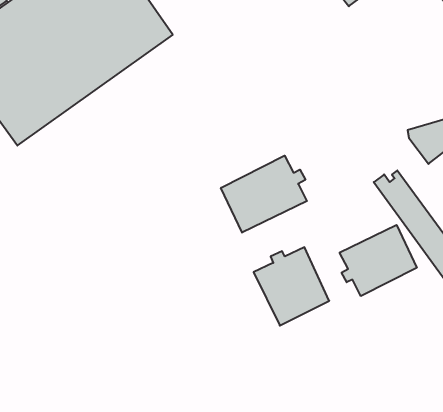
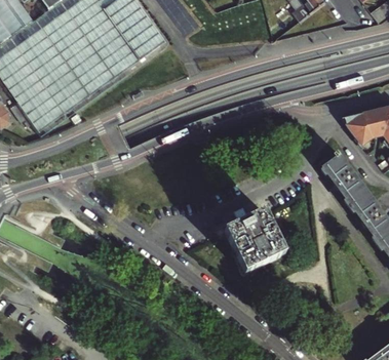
building: [221,156,307,233] -> none
building: [340,225,417,296] -> none

